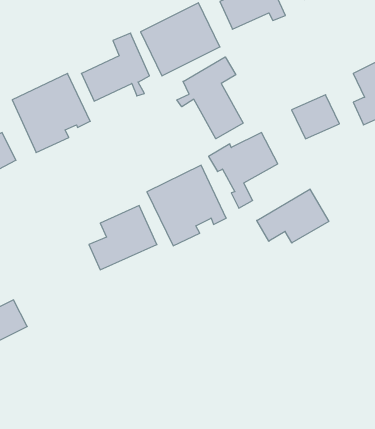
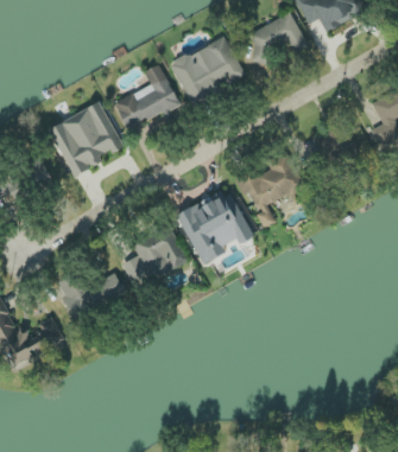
building: [177,57,243,139] -> none
building: [257,189,329,243] -> none
building: none -> [58,273,126,319]

